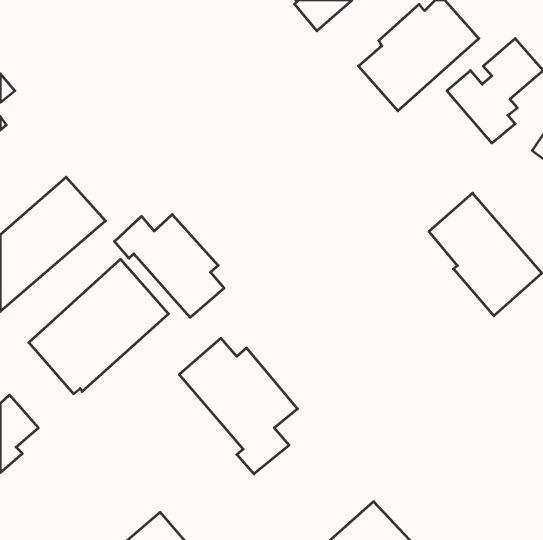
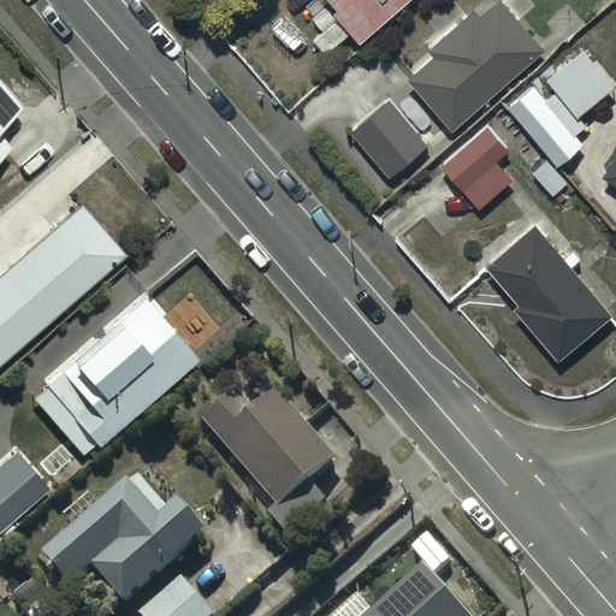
building: none -> [350,100,428,179]
building: none -> [440,124,513,211]
building: [114,214,224,317] -> none
building: none -> [43,482,208,609]

